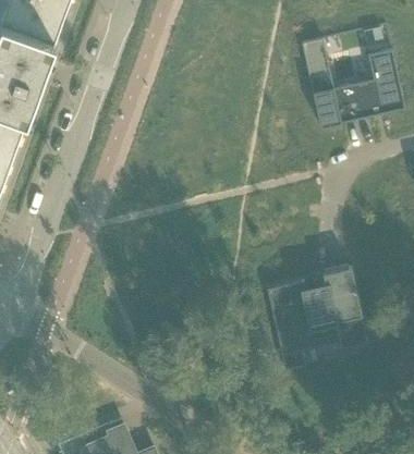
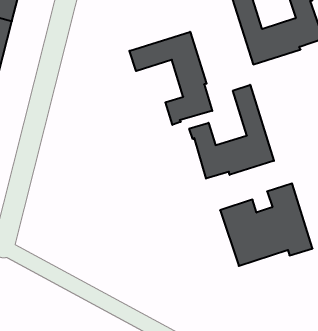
building: none -> [129,32,212,125]
building: none -> [189,85,274,179]

